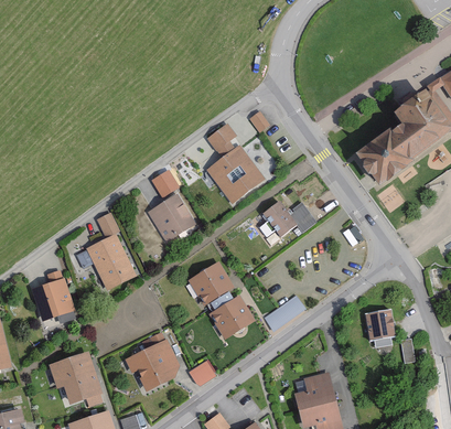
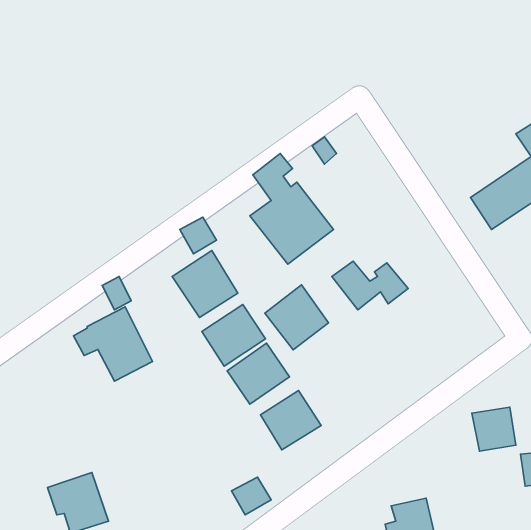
building: none -> [265,285,328,350]
building: none -> [202,304,265,366]
building: [33,274,75,322] -> none
building: [264,293,307,331] -> none
building: [125,340,179,390] -> none

